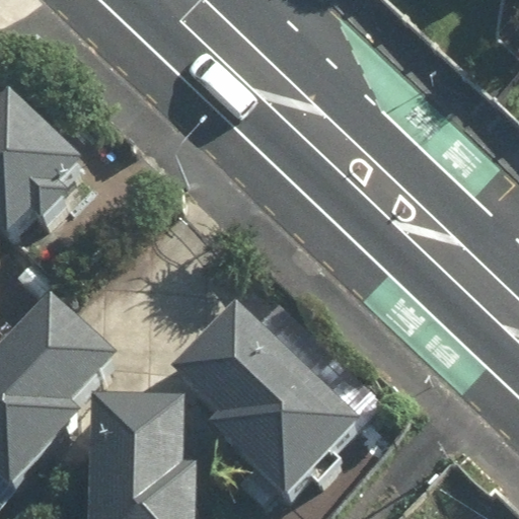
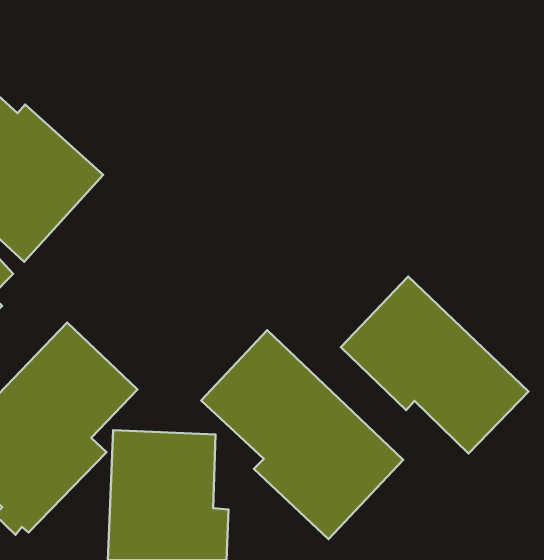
building: none -> [341,277,529,454]

